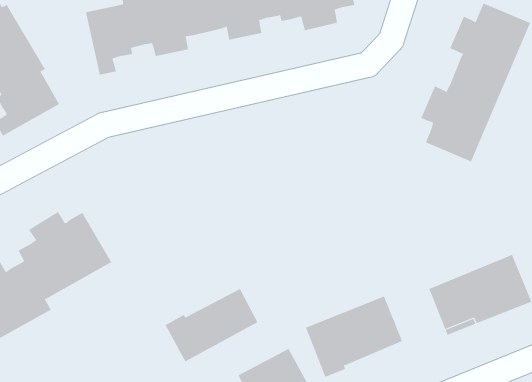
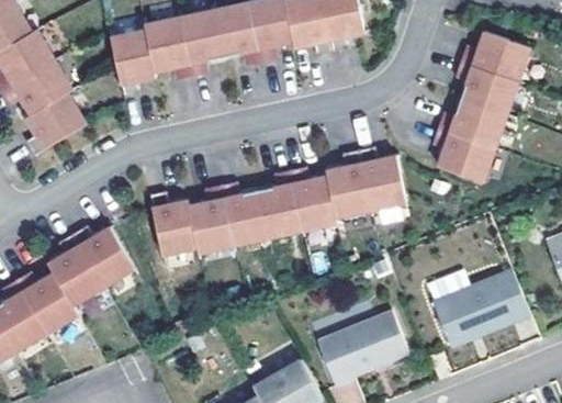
building: none -> [149,152,407,255]
building: [165,288,258,362] -> none

